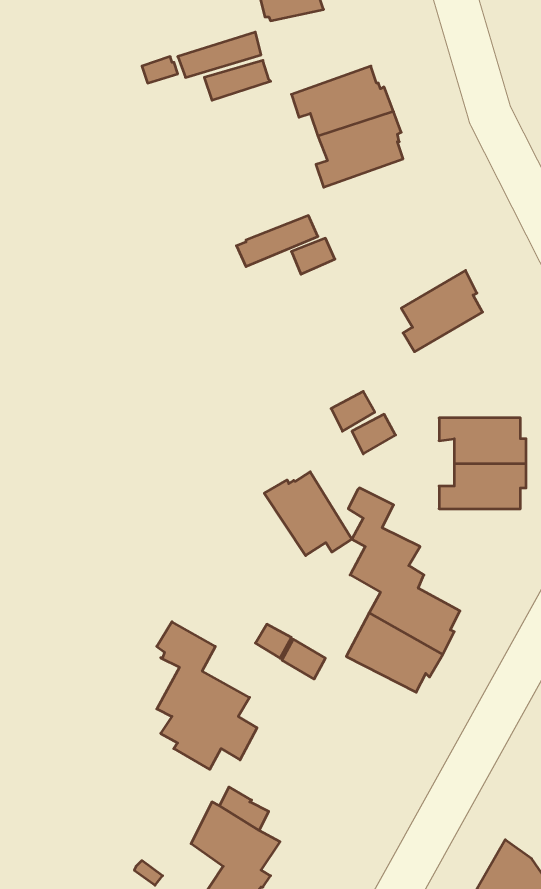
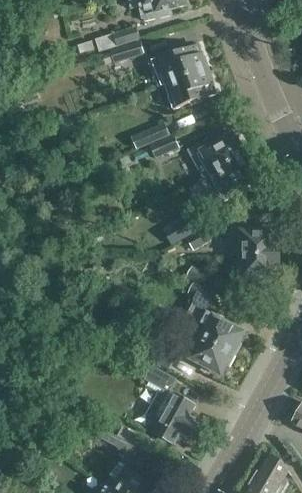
building: none -> [196,133,247,174]
building: [264,472,352,556] -> none
building: [157,622,257,769] -> [145,366,198,444]

